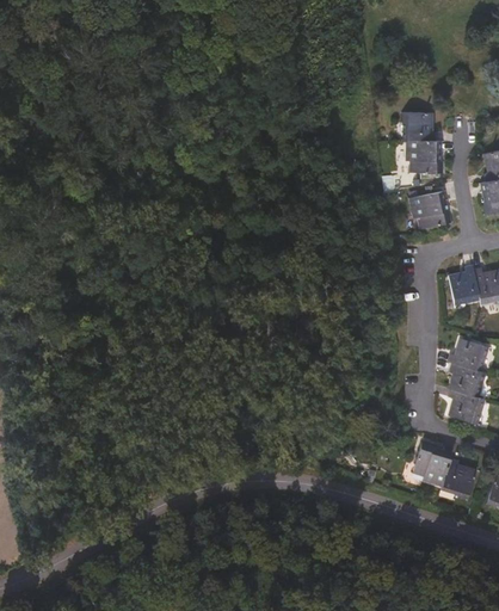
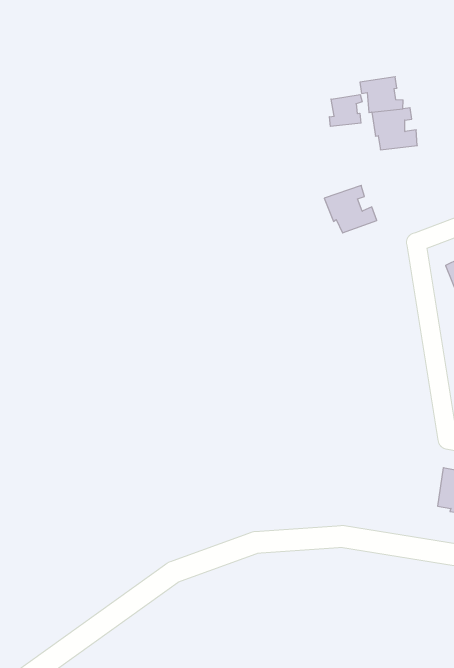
building: none -> [329,95,362,126]
building: [409,192,450,229] -> [324,185,377,233]

